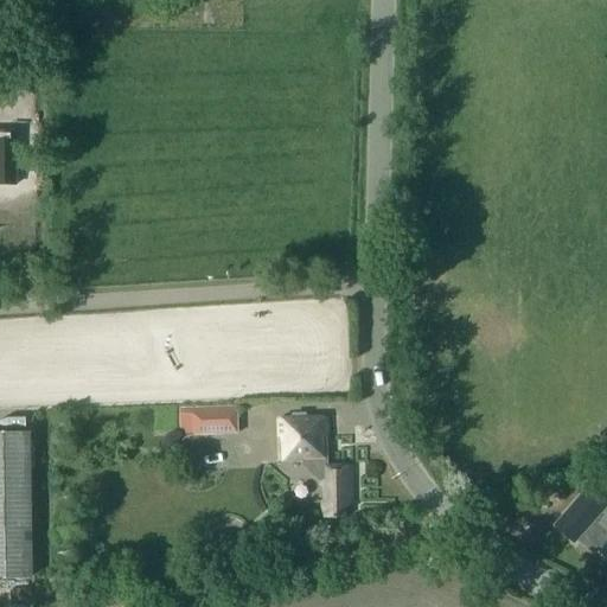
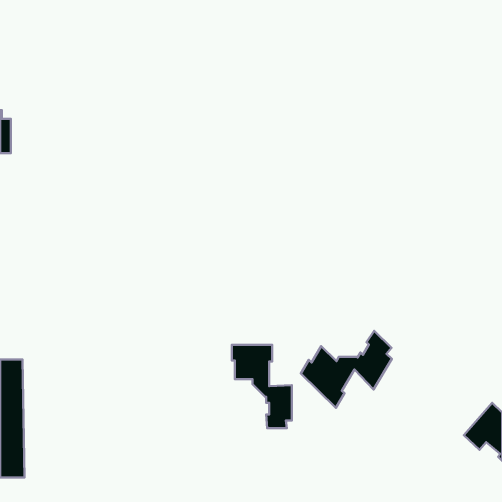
building: none -> [301,331,392,408]
building: [183,407,239,436] -> none

